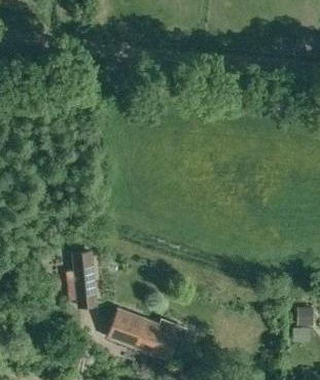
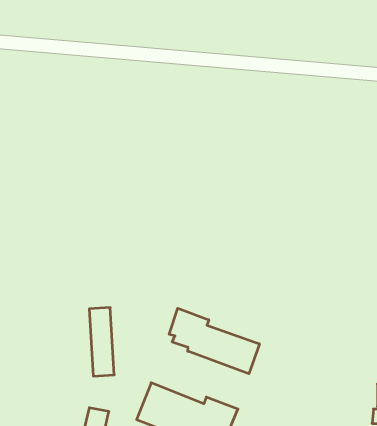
building: none -> [169,308,259,374]

